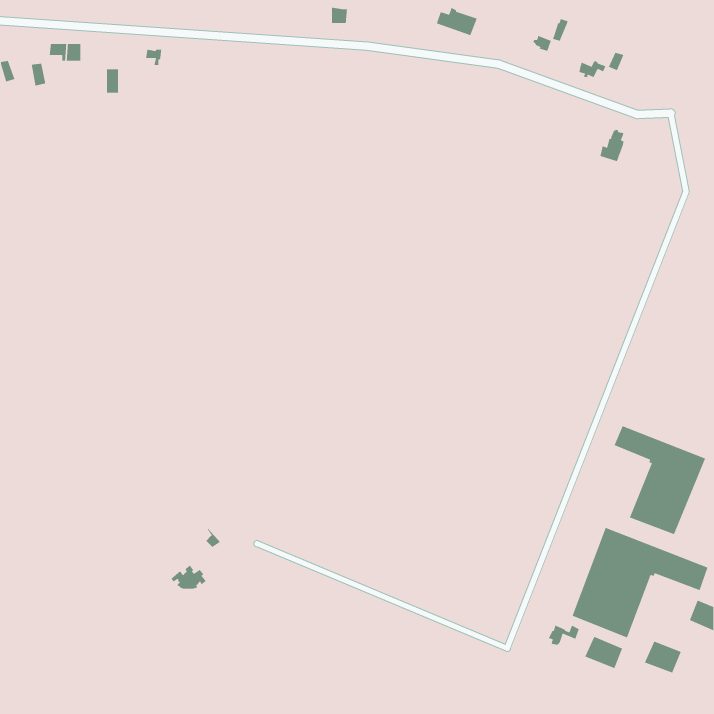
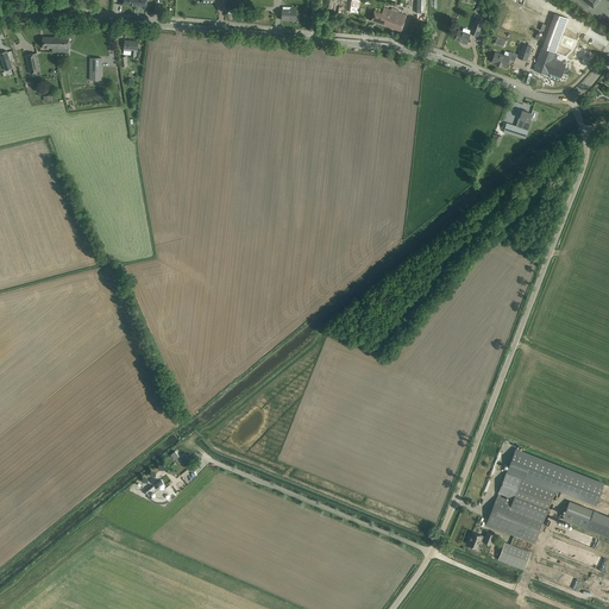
building: none -> [533,14,569,77]
building: [613,425,706,535] -> none
building: [644,640,682,674] -> [561,501,594,529]

